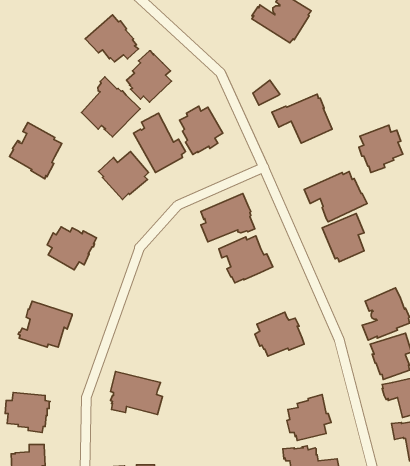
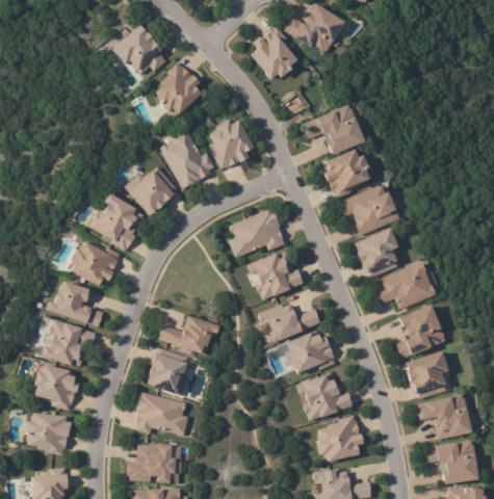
building: none -> [249,24,295,77]
building: [81,77,140,137] -> none
building: [10,122,62,179] -> [89,192,144,251]
building: [359,125,403,172] -> [324,149,370,198]
building: none -> [374,261,437,309]
building: none -> [46,279,103,324]
building: none -> [258,303,320,342]
building: none -> [158,314,220,354]
building: none -> [147,347,189,396]
building: none -> [35,364,82,410]
building: none -> [296,372,354,421]
building: none -> [127,444,183,484]

